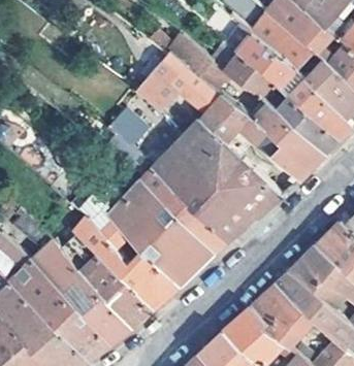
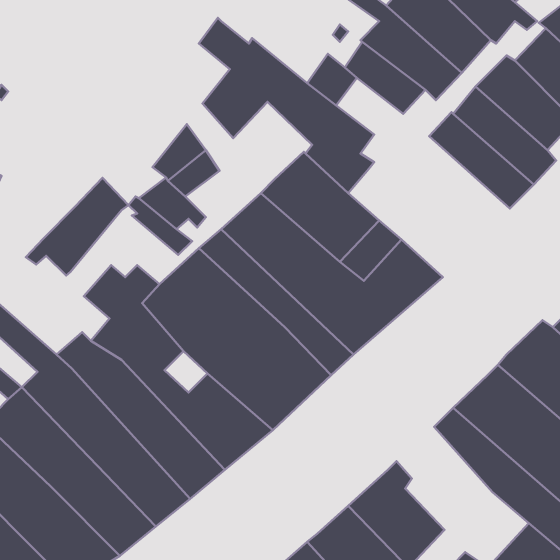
building: [150,32,214,77] -> none
building: [238,103,323,180] -> none
building: none -> [26,178,128,275]
building: [255,284,313,350] -> none

